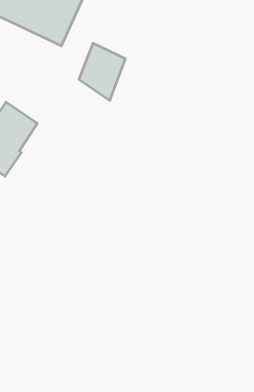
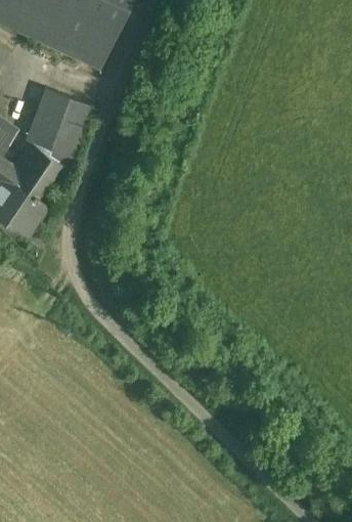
building: [79,43,125,100] -> [32,94,90,166]

